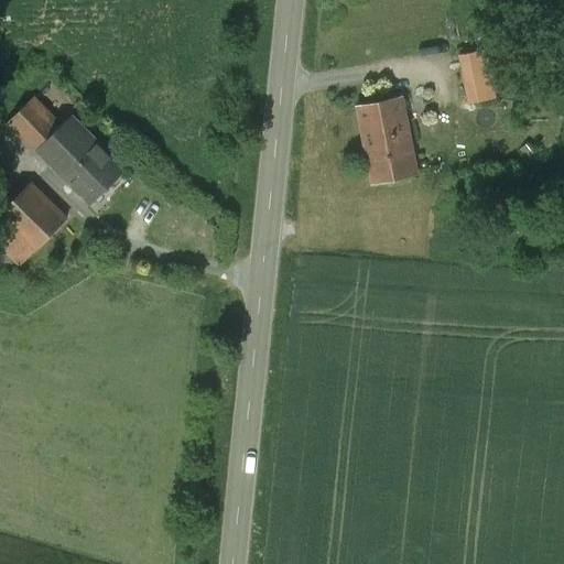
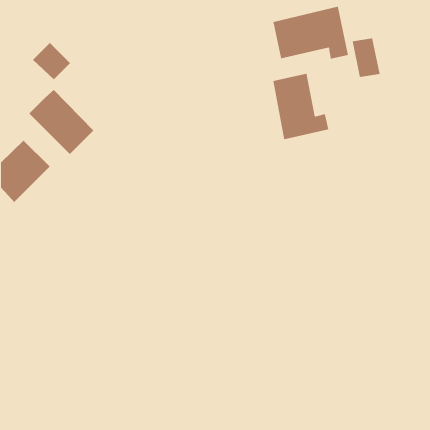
building: none -> [273,6,348,59]
building: [8,100,58,150] -> [32,42,71,80]

